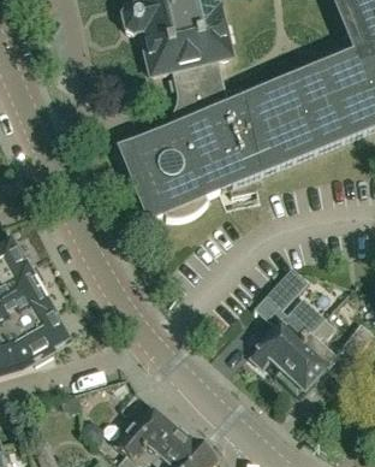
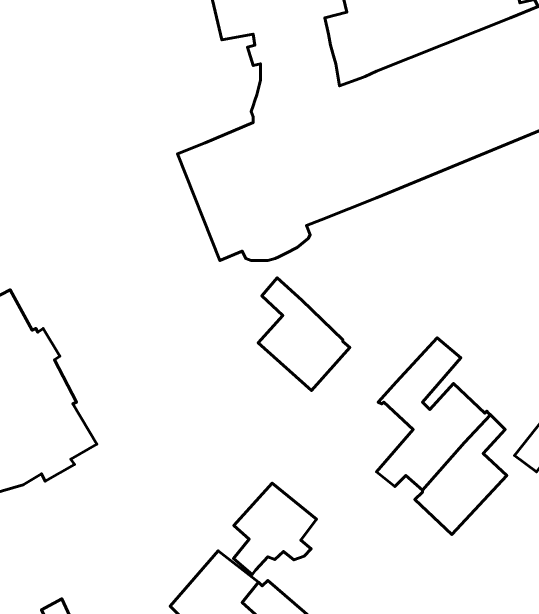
building: none -> [258,278,350,391]
building: none -> [233,483,317,574]

